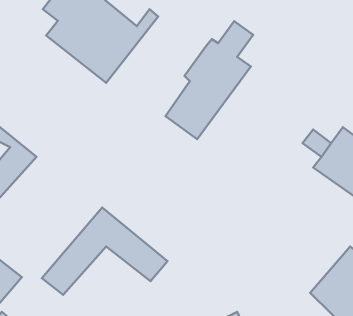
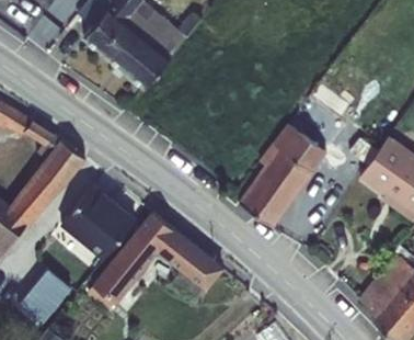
building: [165,21,253,139] -> [242,102,333,225]
building: none -> [53,188,127,261]

